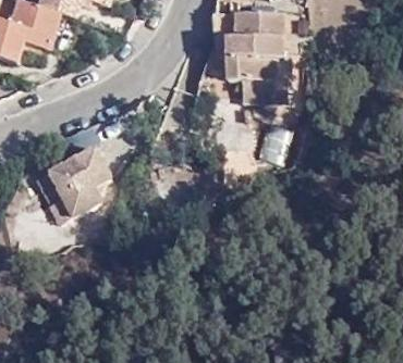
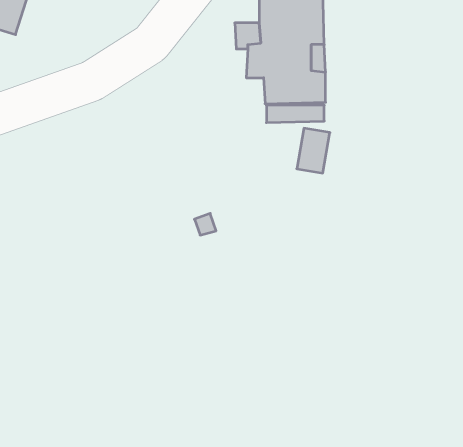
building: [45,147,106,220] -> none

